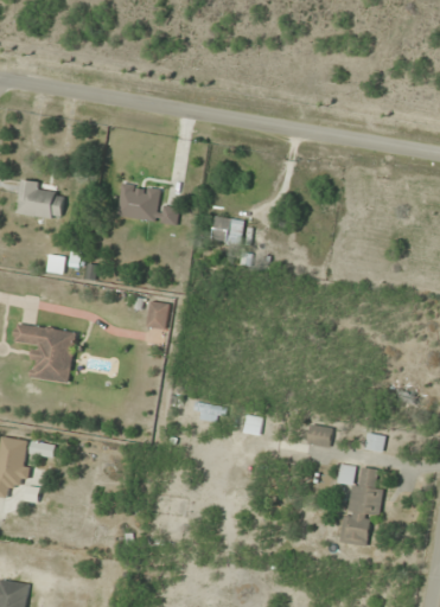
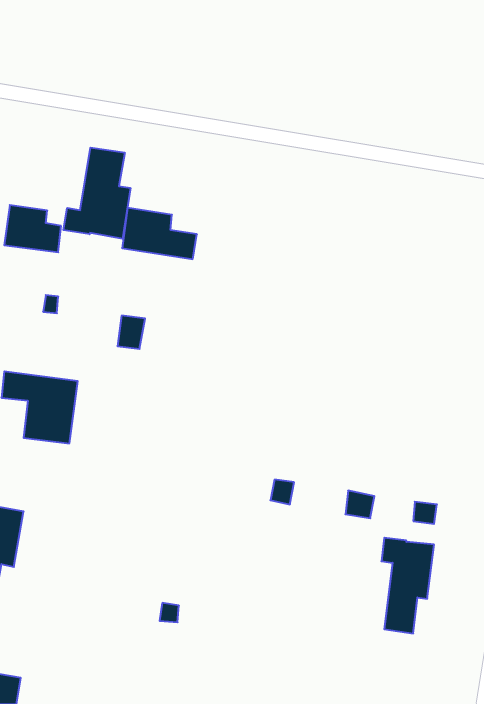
building: none -> [63,148,130,239]
building: [210,215,243,244] -> none
building: [145,300,168,328] -> [117,316,145,349]

